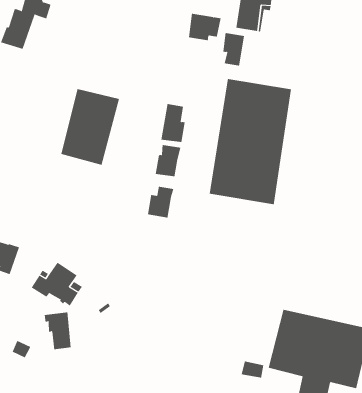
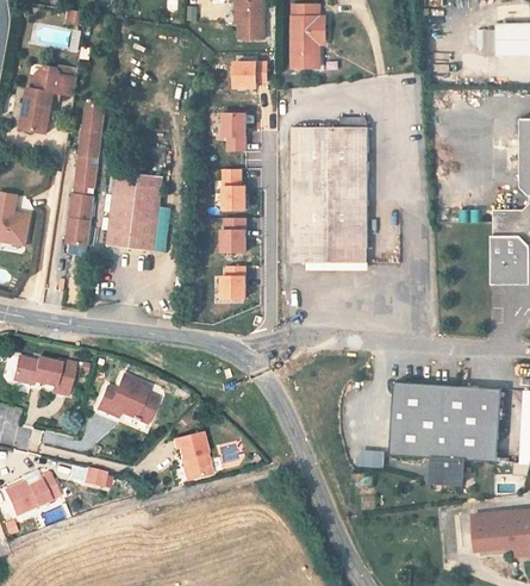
building: none -> [69,100,102,243]
building: [223,32,245,66] -> [223,114,247,150]
building: [44,312,72,350] -> [180,432,218,479]

